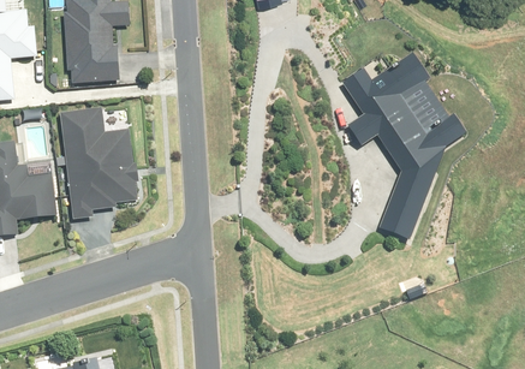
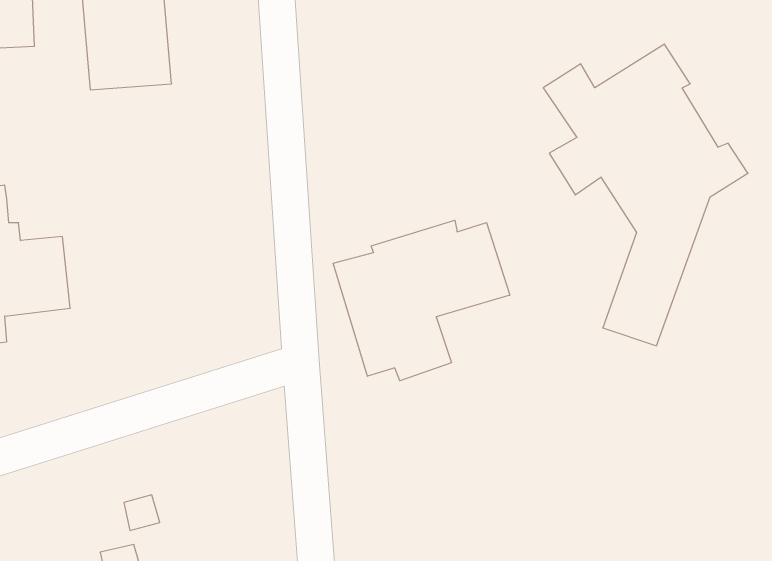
building: [59,108,138,220] -> none
building: none -> [333,220,510,381]

